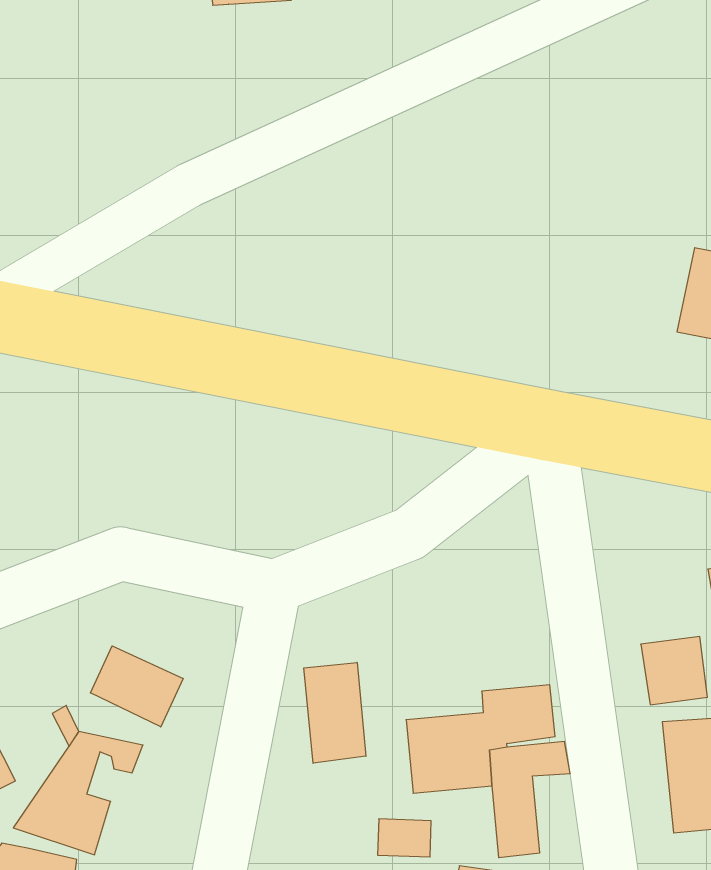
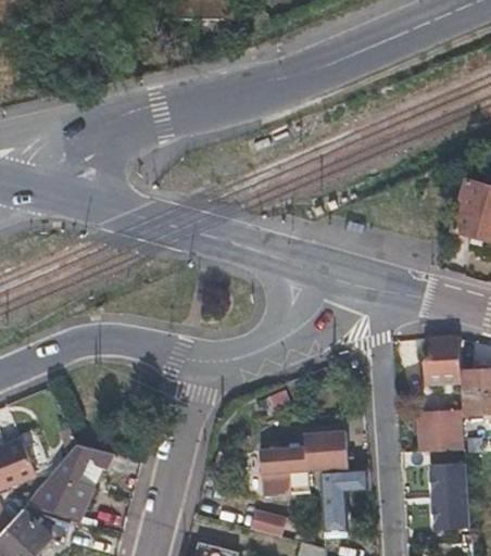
building: none -> [424,336,457,383]
building: [90,646,183,727] -> none
building: [304,662,366,763] -> none

